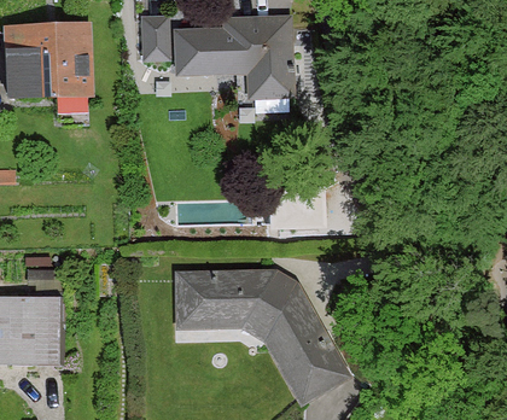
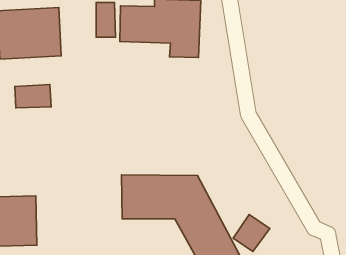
building: none -> [15,85,51,108]
building: none -> [233,214,270,251]

